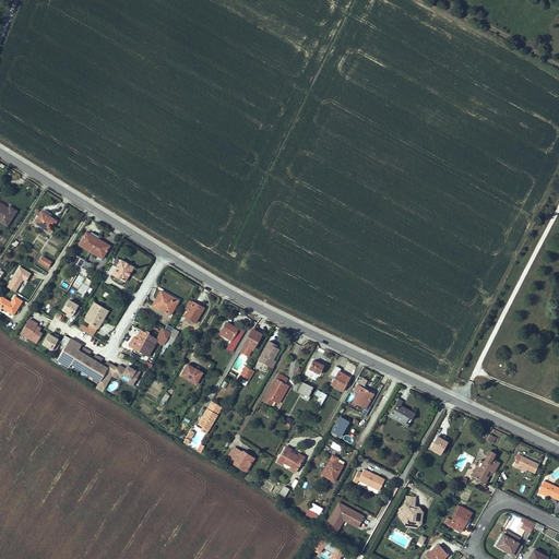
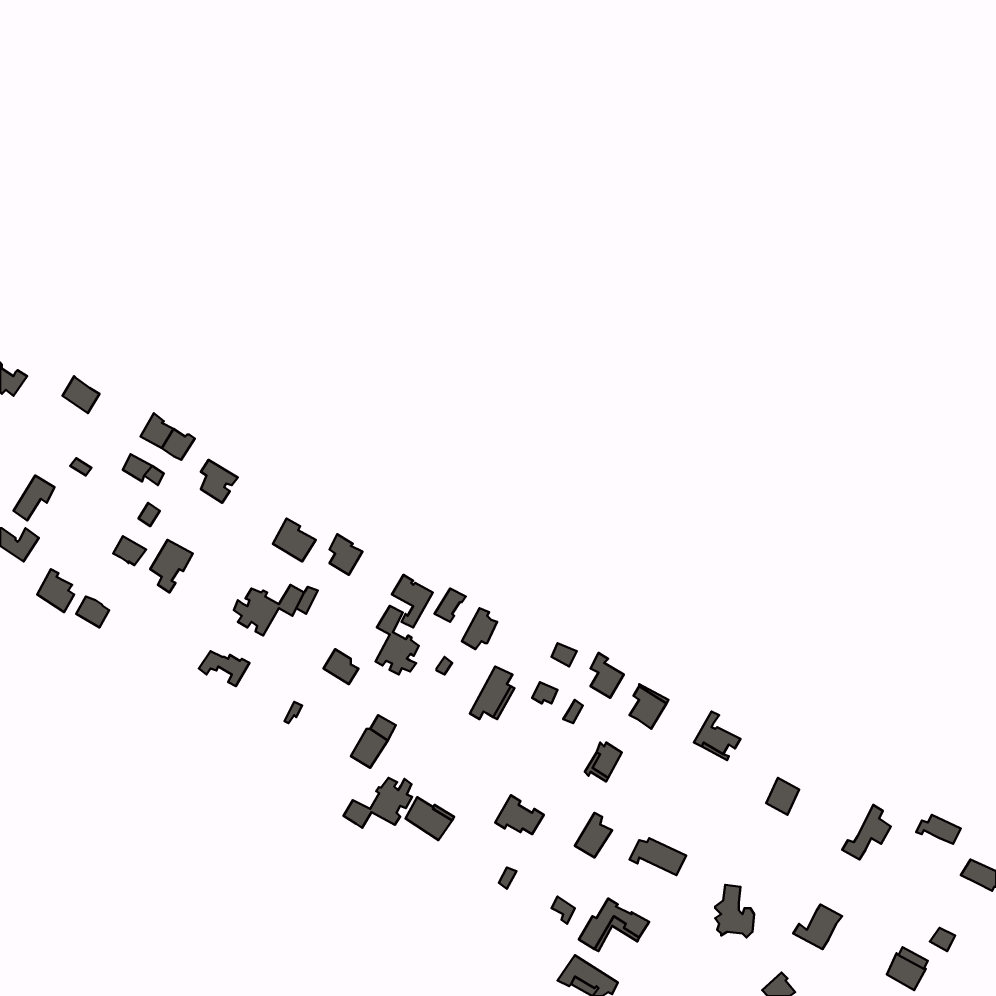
building: none -> [376,606,419,675]
building: [57,340,110,384] -> none
building: none -> [344,778,412,828]

